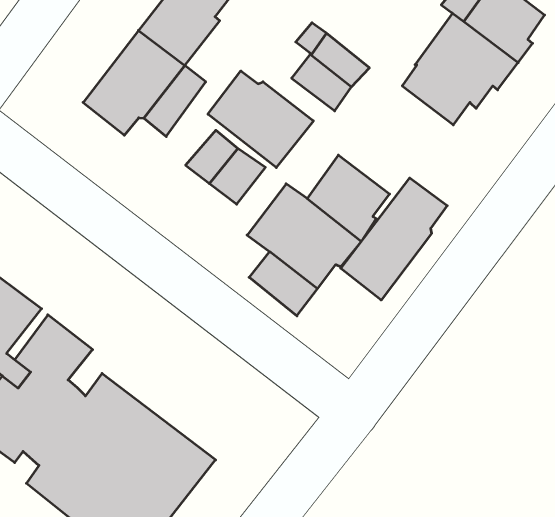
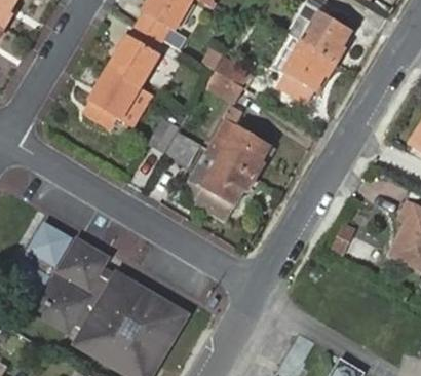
building: [208,71,313,168] -> none
building: [341,178,447,300] -> none

